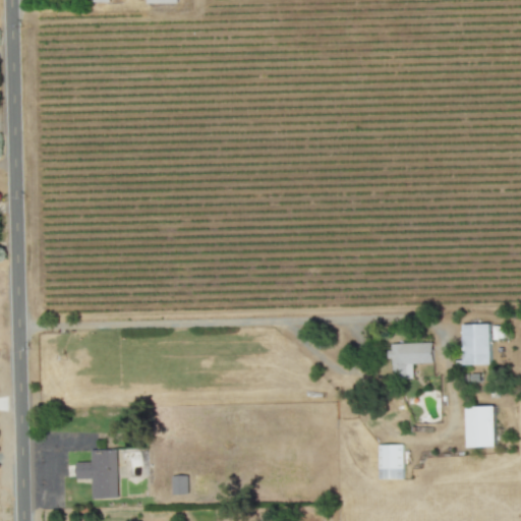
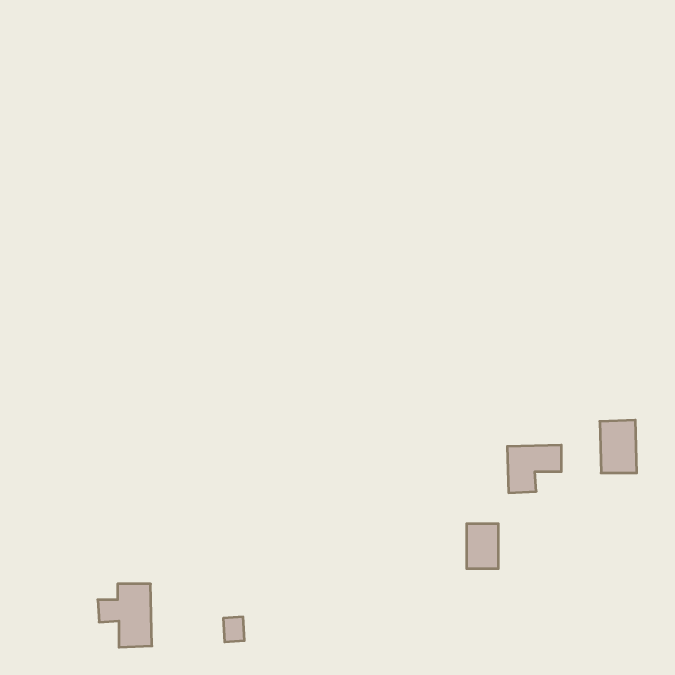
building: [466,406,496,448] -> none
building: [379,445,403,479] -> [467,524,498,569]

